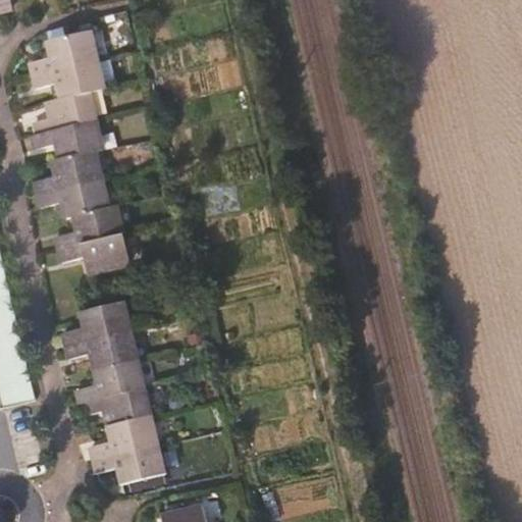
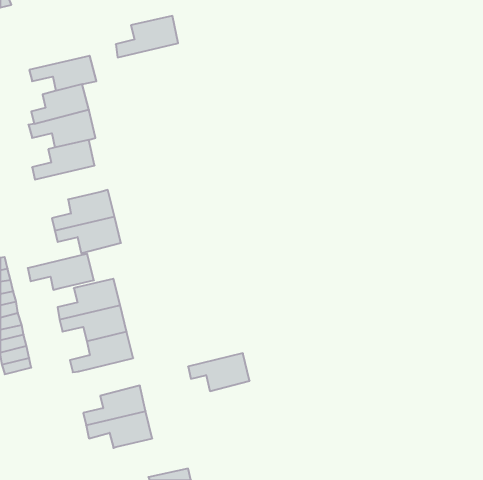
building: [30,31,97,75] -> [116,16,178,57]
building: [38,178,109,217] -> [28,254,94,290]
building: [85,386,151,427] -> [188,353,250,391]

